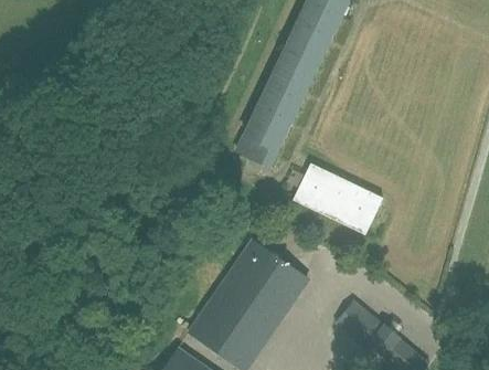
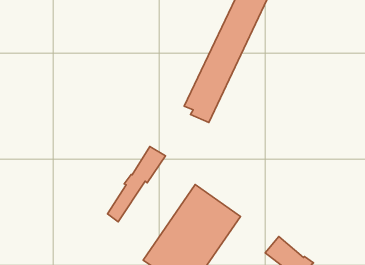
building: [287,160,383,232] -> none
building: none -> [108,146,165,222]

